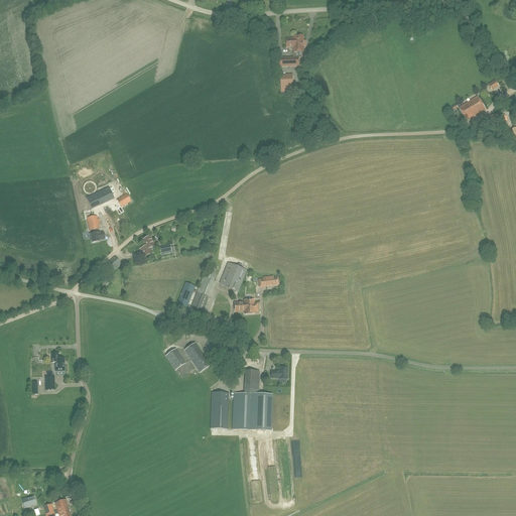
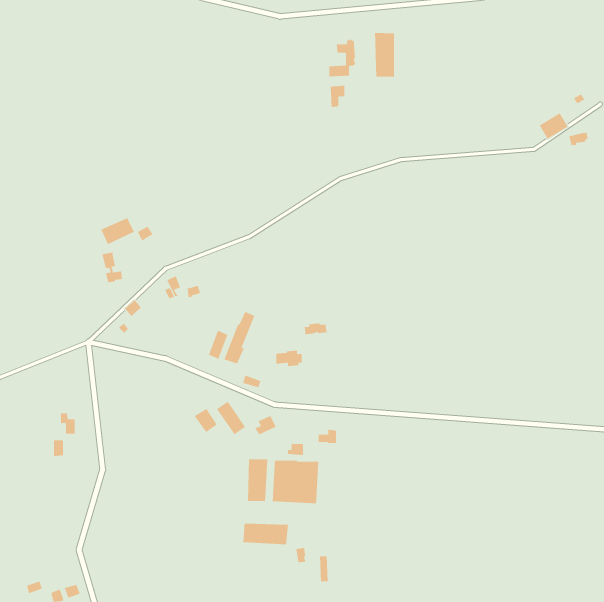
building: none -> [375,32,394,78]
building: [220,261,247,289] -> none
building: none -> [243,523,288,545]

